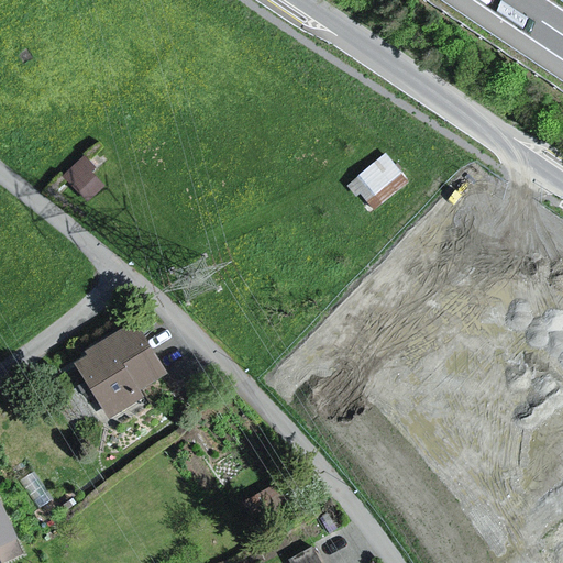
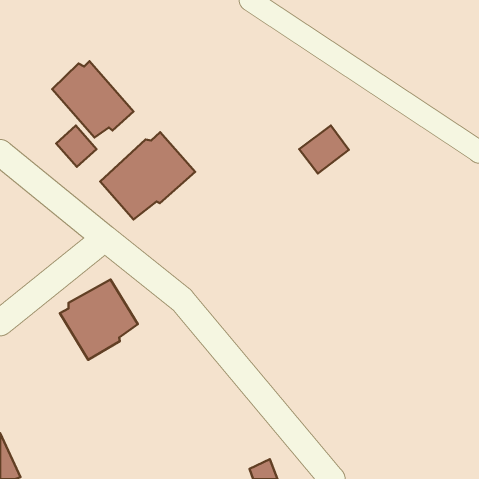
building: none -> [52,61,134,138]
building: none -> [100,132,195,219]

